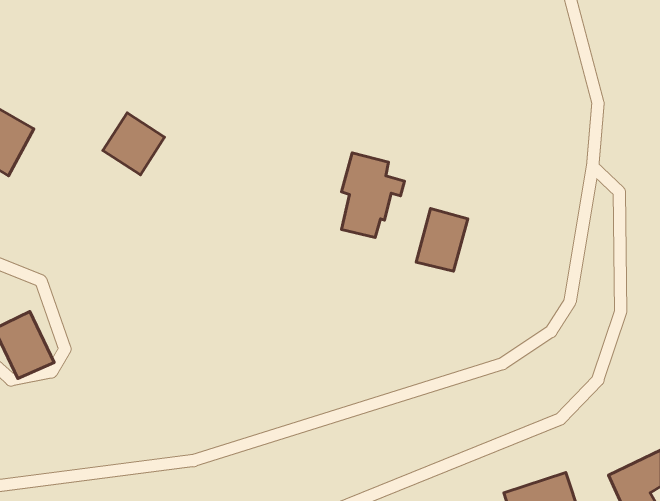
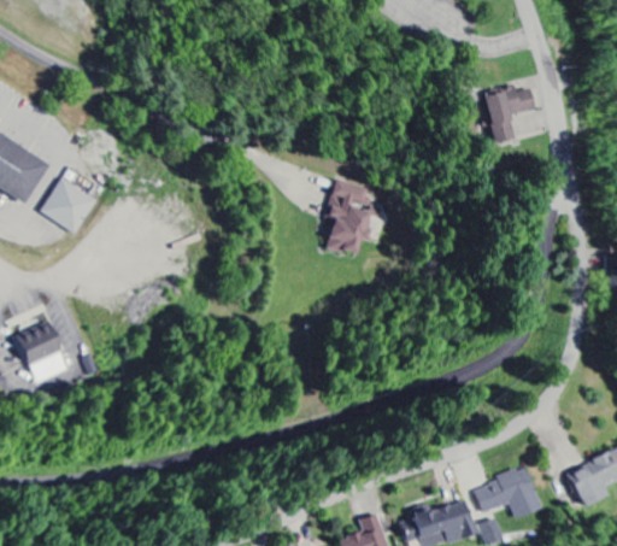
building: none -> [477,87,533,146]
building: [103,113,165,175] -> [39,180,94,235]
building: [416,209,468,271] -> none

